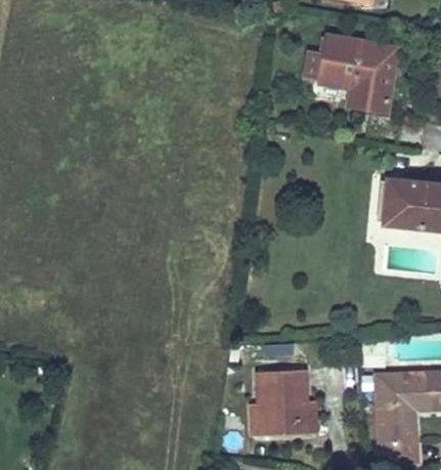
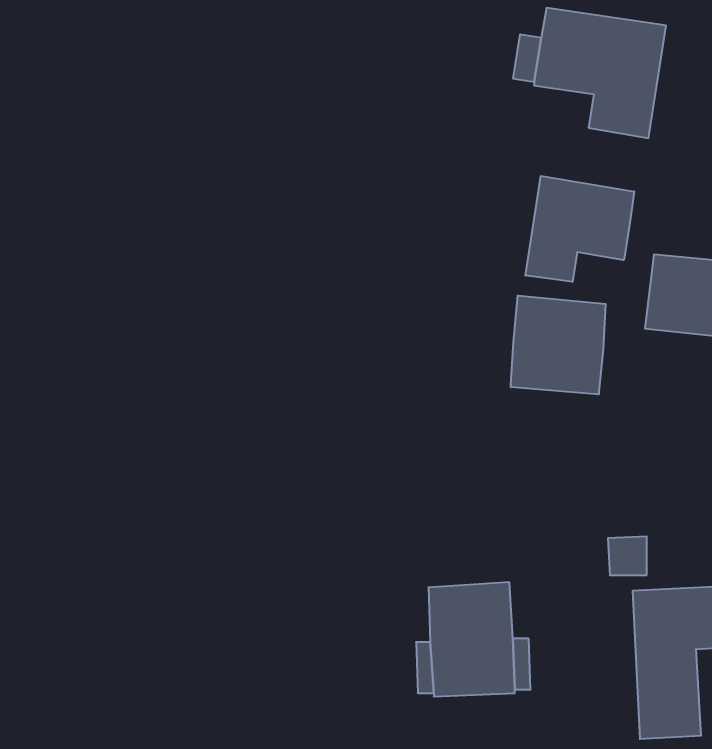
building: none -> [525,176,634,282]
building: none -> [511,295,606,394]

